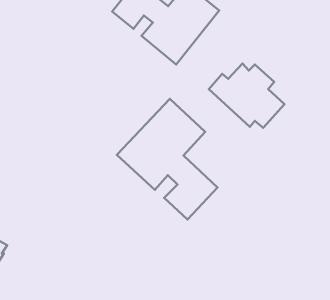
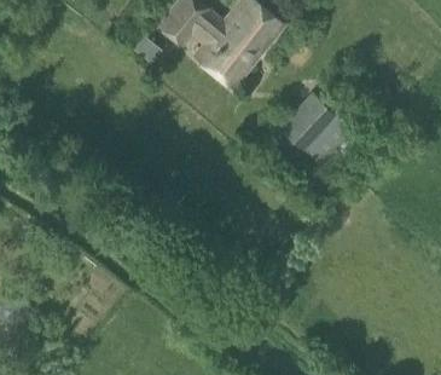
building: [117,99,217,219] -> none

